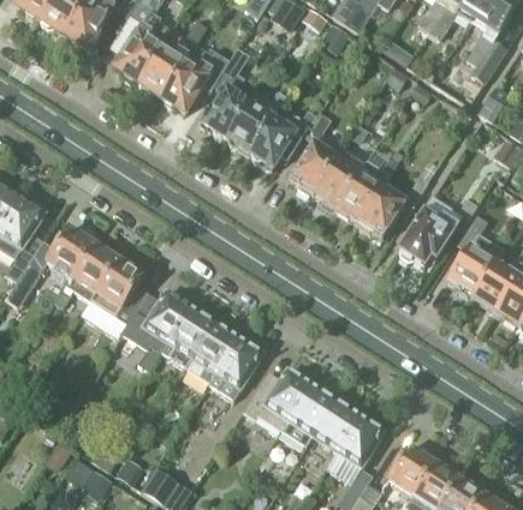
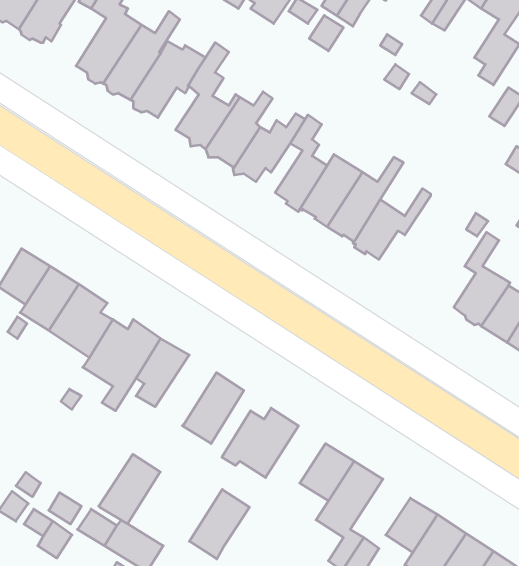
building: [399,205,457,265] -> none
building: [185,322,239,383] -> [99,454,160,524]
building: [283,384,335,445] -> [189,489,249,559]

